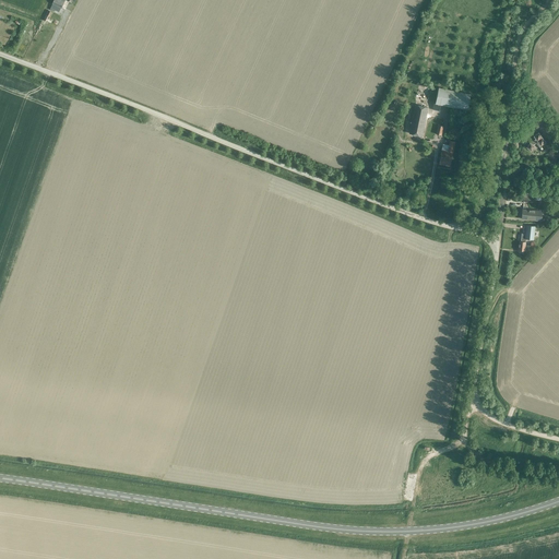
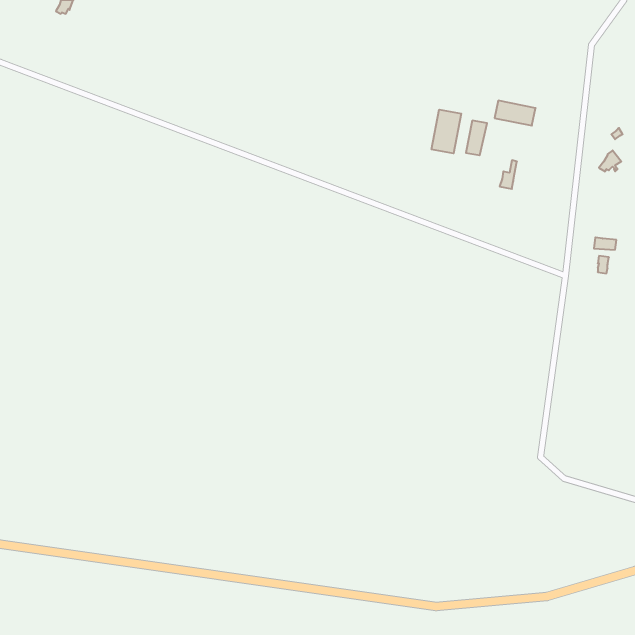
building: none -> [432,110,461,153]

